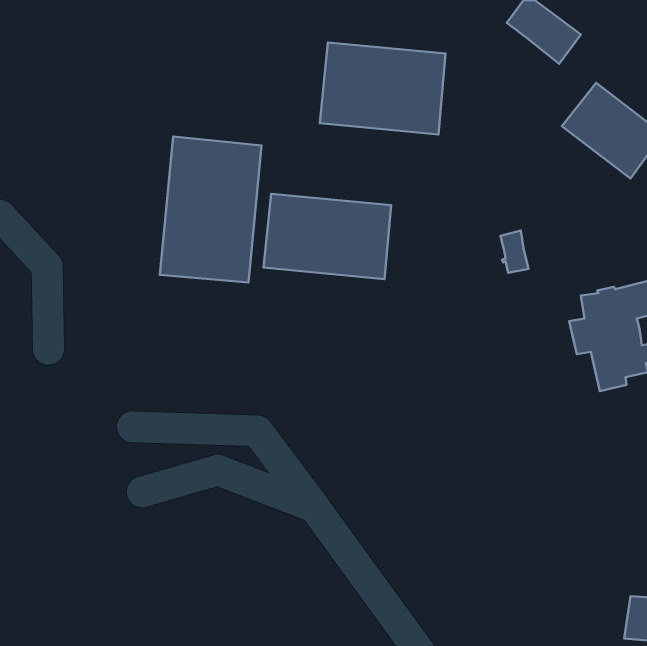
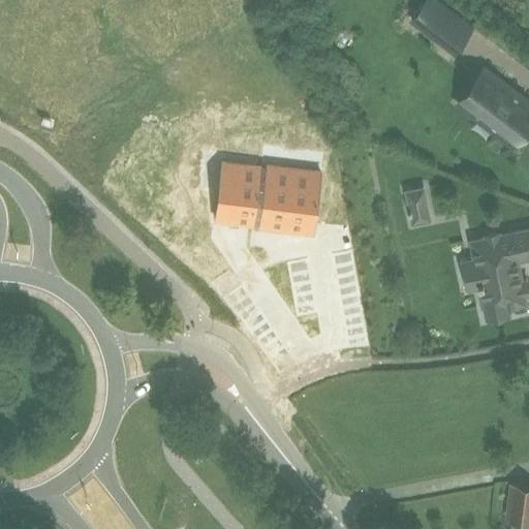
building: [320,42,446,135] -> none
building: [160,137,261,283] -> none

